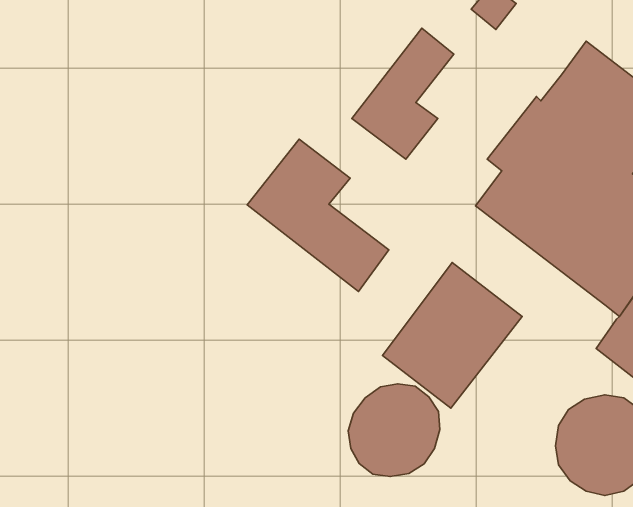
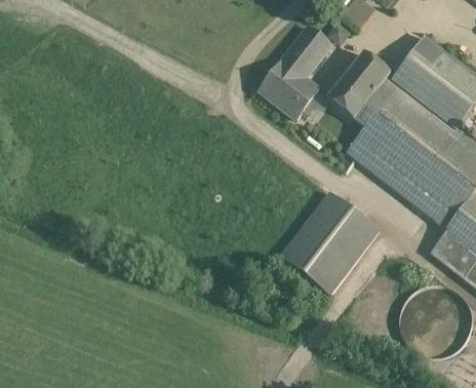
building: none -> [326,52,390,119]
building: [247,139,389,291] -> none
building: [348,384,440,477] -> none

